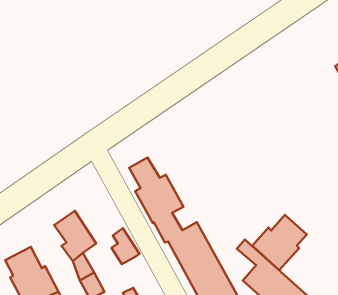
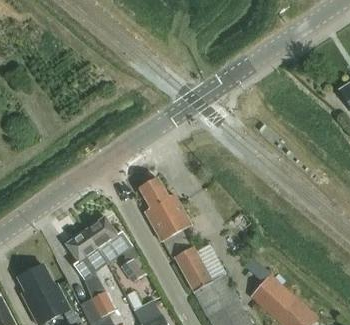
building: none -> [85,214,130,260]
building: [252,215,307,270] -> none

